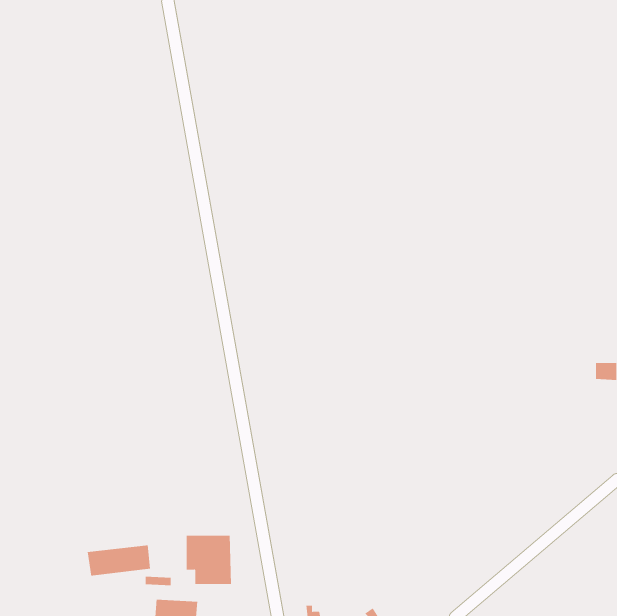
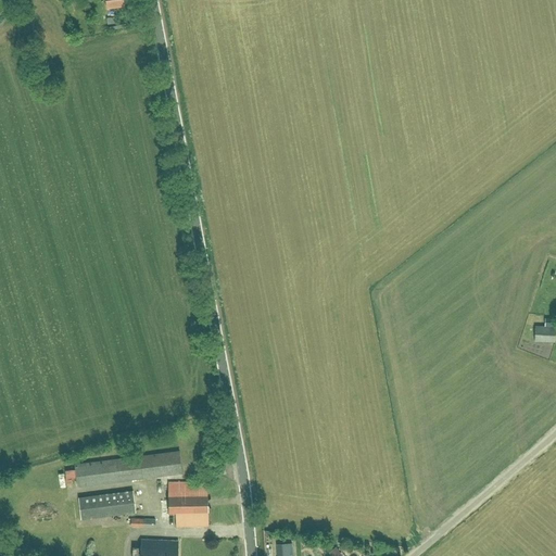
building: none -> [74,452,181,488]

